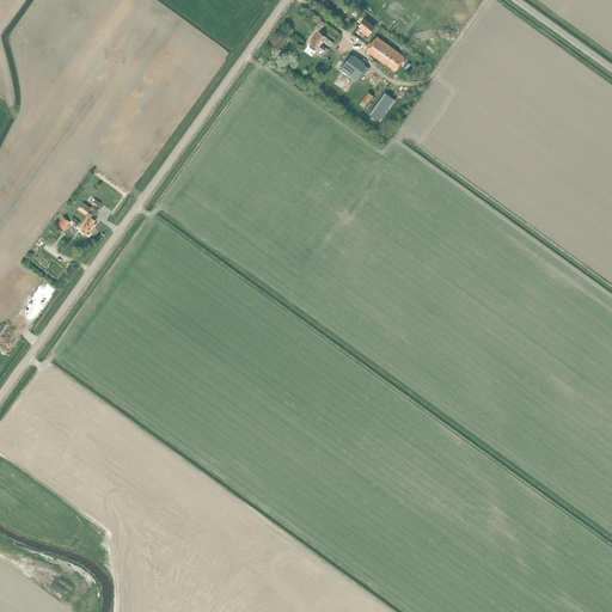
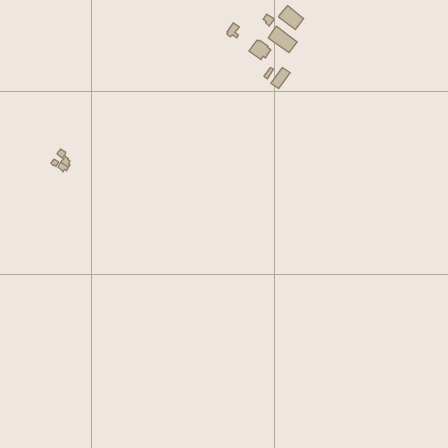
building: none -> [279,6,304,30]

